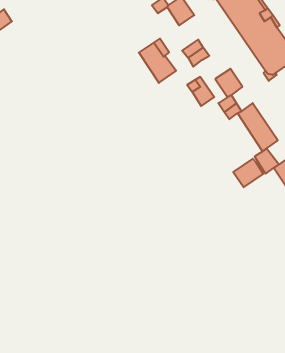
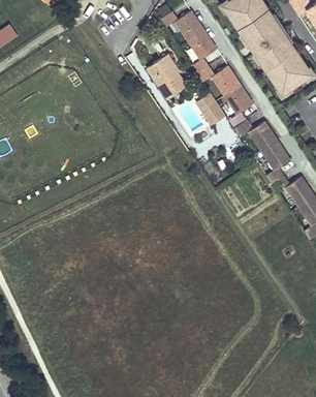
building: none -> [188,30,216,59]
building: none -> [212,65,241,95]
building: [233,159,263,187] -> none

